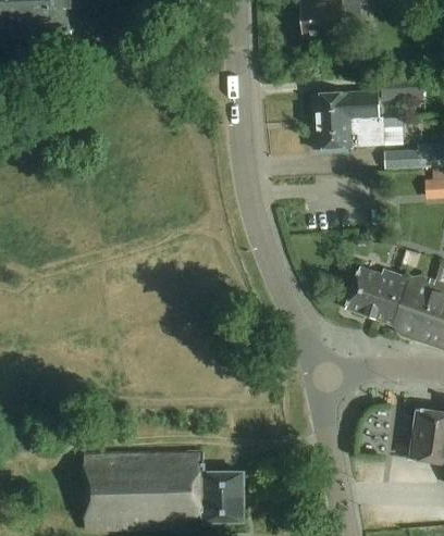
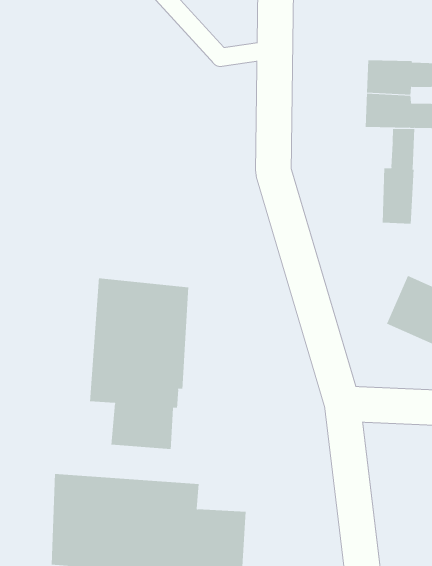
building: none -> [382,128,415,224]
building: none -> [90,278,189,450]

